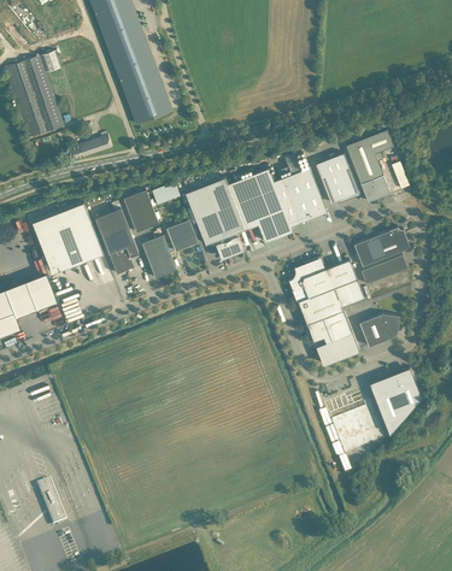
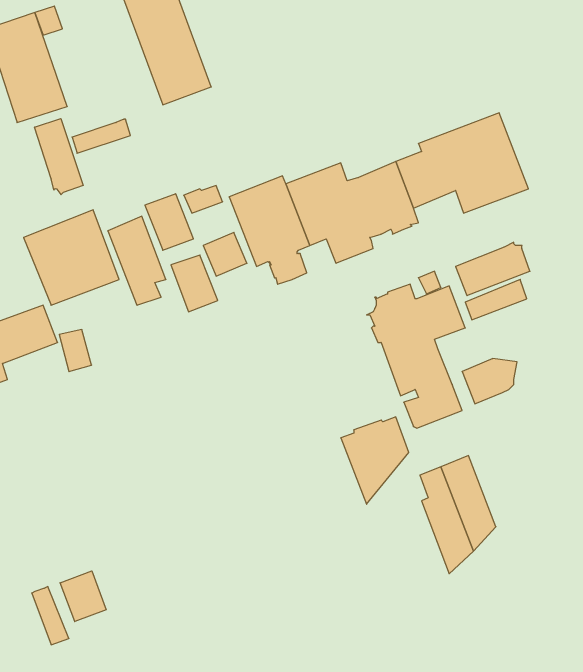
building: none -> [35,119,83,195]
building: [369,370,419,435] -> [341,417,409,504]
building: none -> [60,571,106,622]

